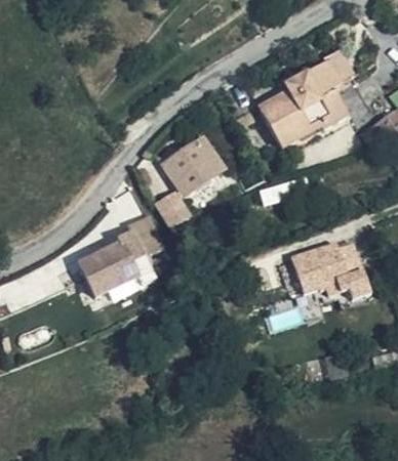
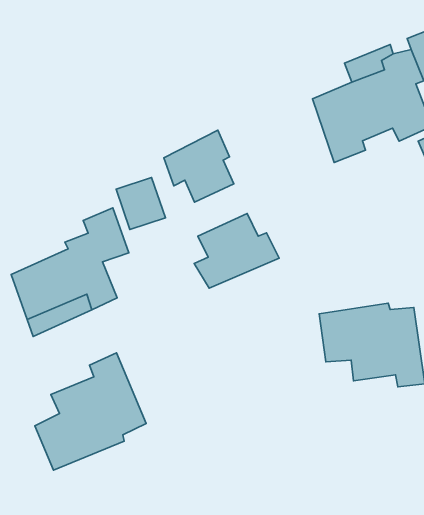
building: none -> [194,213,279,288]
building: none -> [35,353,146,470]

